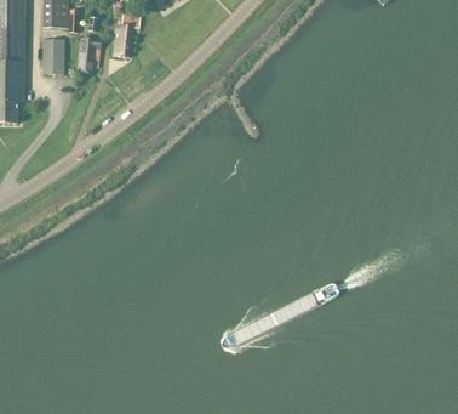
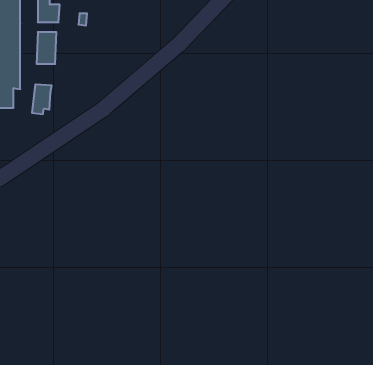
building: [114,21,139,57] -> none
building: [79,39,101,72] -> [32,84,52,114]

